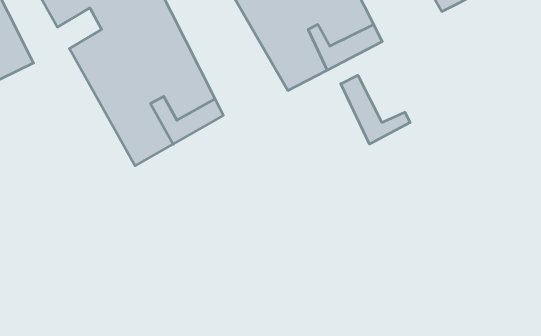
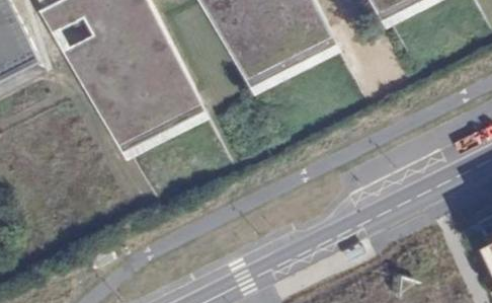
building: [341,75,410,144] -> none

